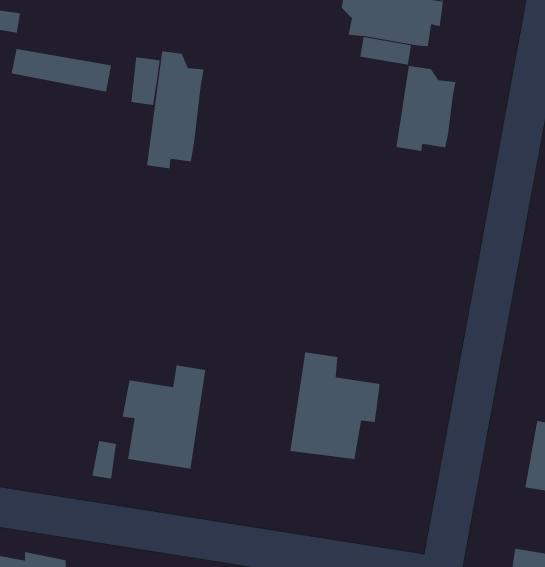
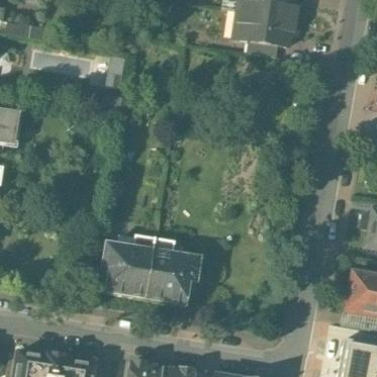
building: [147,51,204,169] -> none
building: [396,65,456,152] -> none
building: [289,352,380,460] -> [146,241,200,305]

